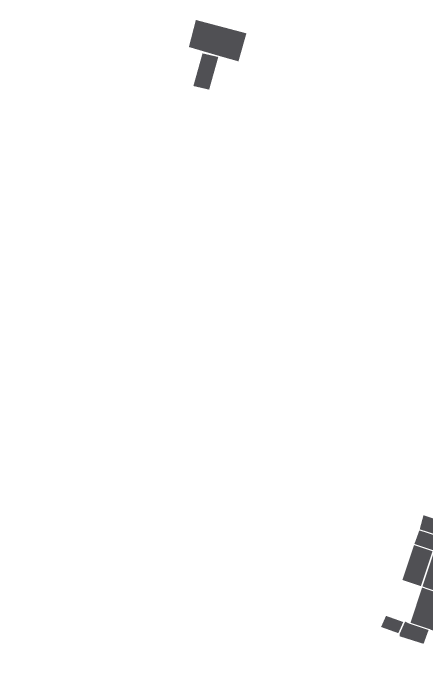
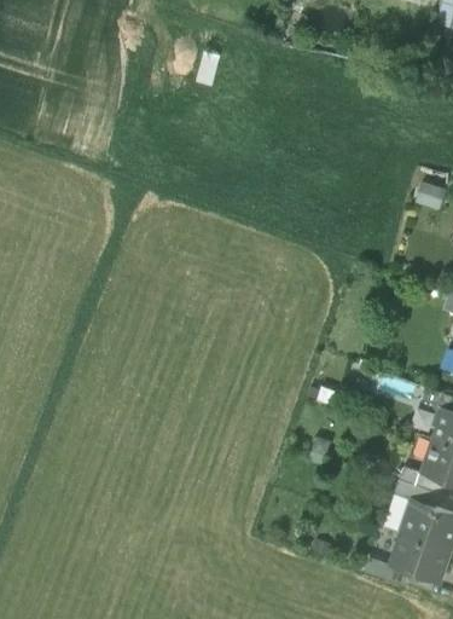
building: [188,19,247,62] -> none

